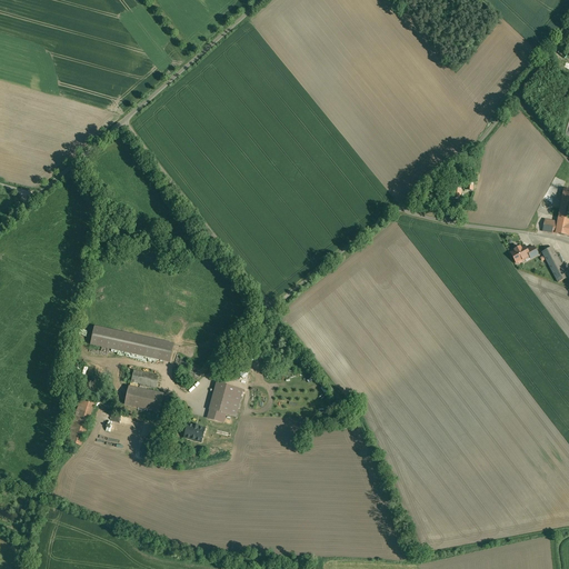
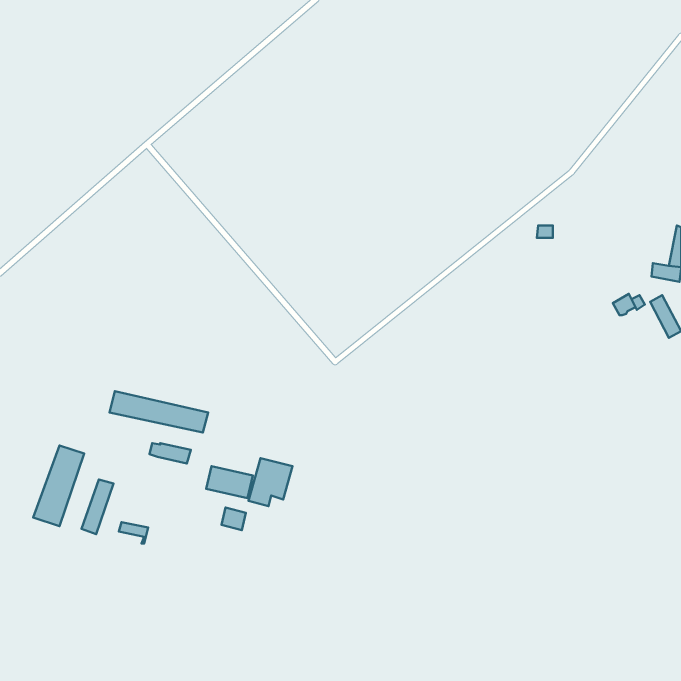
building: none -> [33,446,84,526]
building: [124,385,163,411] -> [206,466,253,498]

